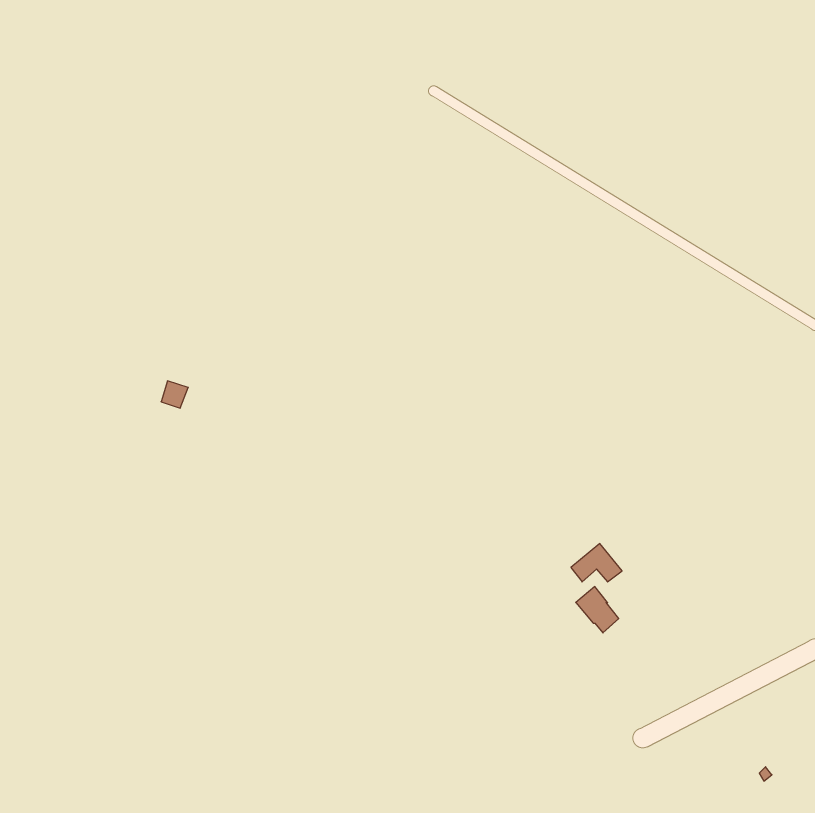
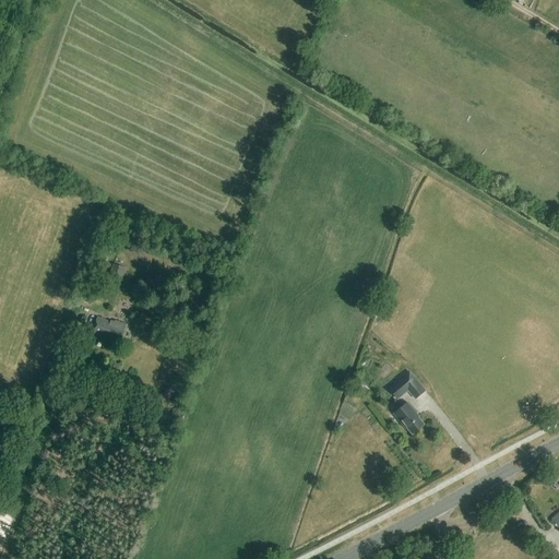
building: none -> [93,317,126,338]

